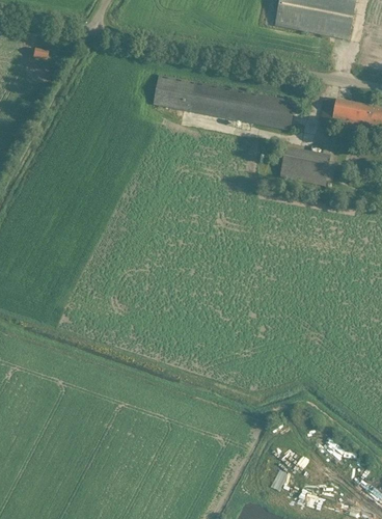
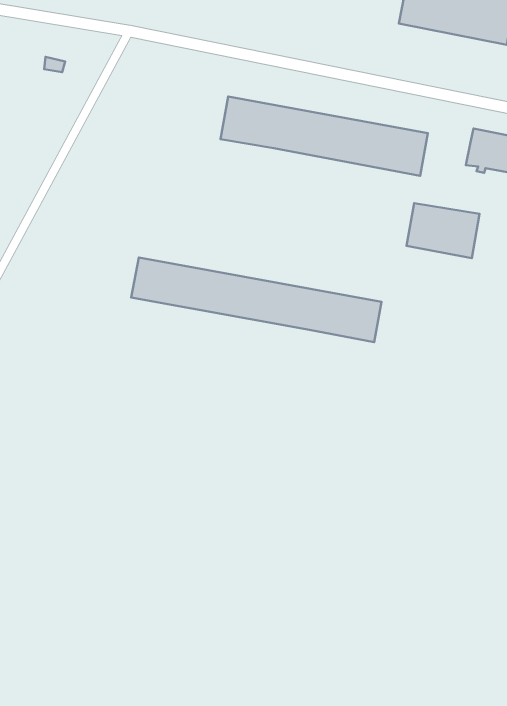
building: none -> [131,257,382,342]

